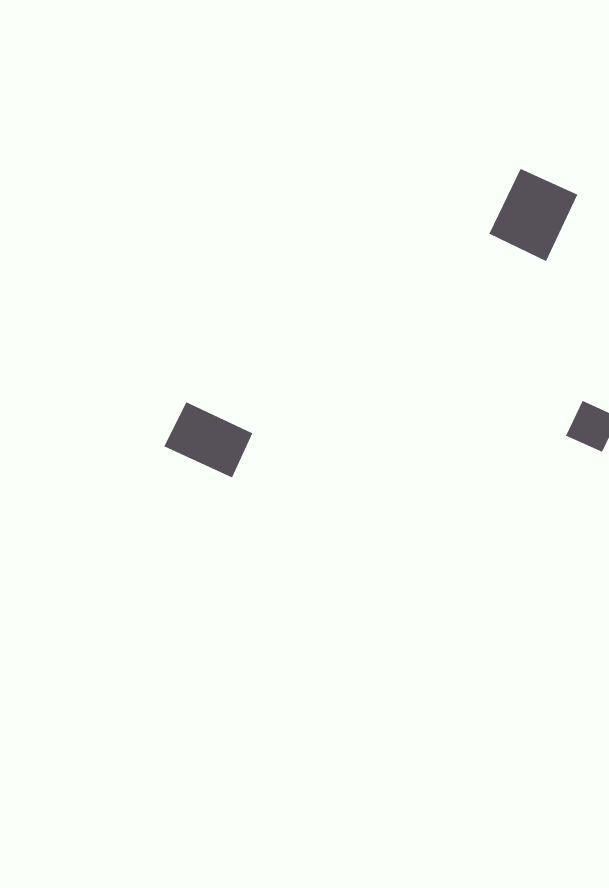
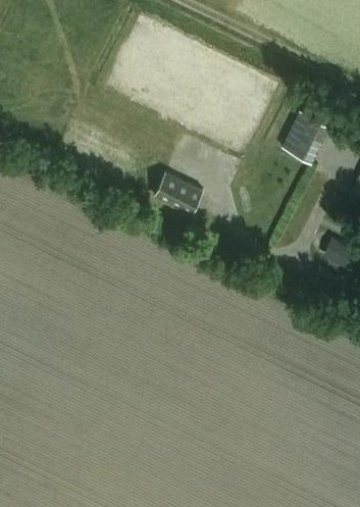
building: [163,401,253,478] -> [153,173,202,215]

